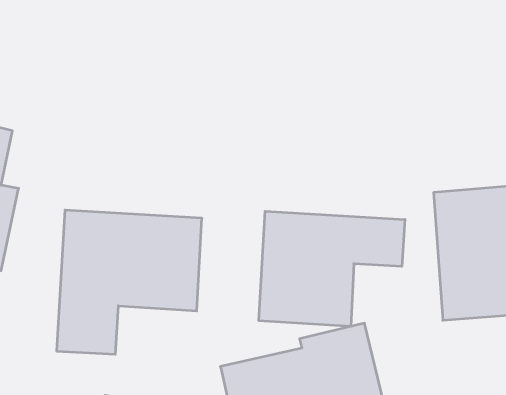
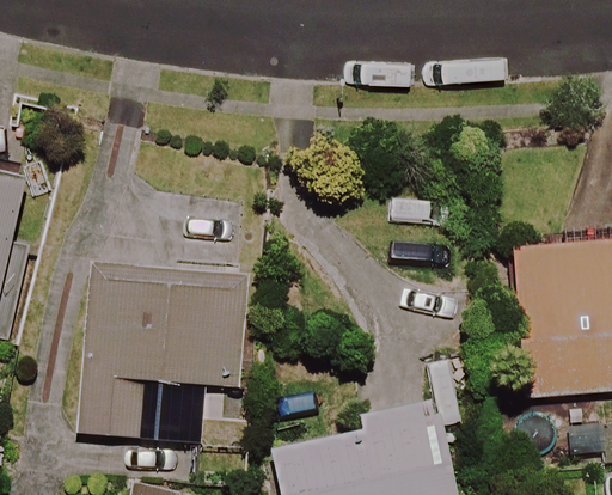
building: [259,211,405,326] -> none

